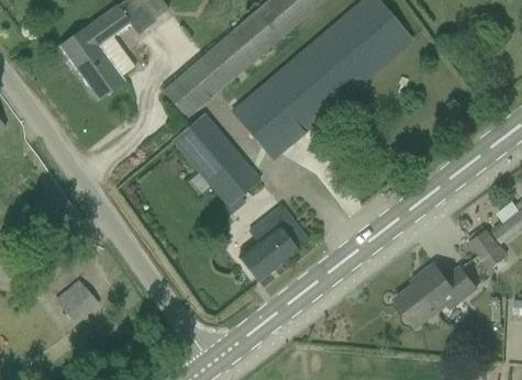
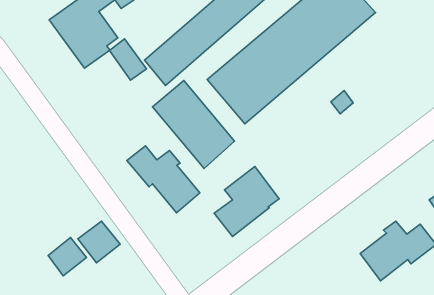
building: none -> [110,39,146,80]
building: none -> [127,146,200,213]
building: none -> [78,221,120,263]

